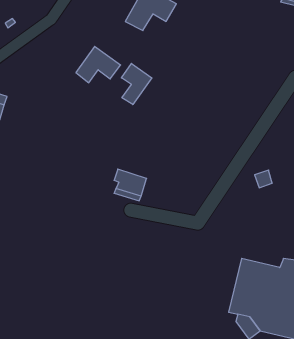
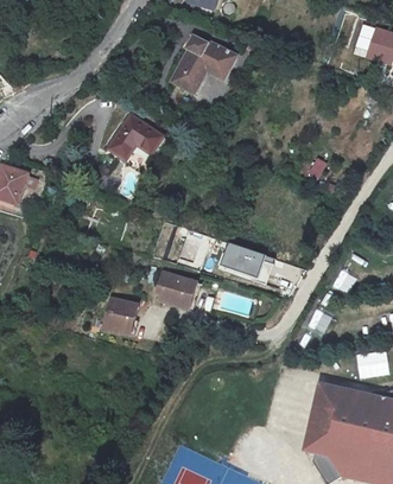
building: [121,63,152,105] -> none
building: none -> [222,243,265,279]
building: none -> [108,297,147,333]

